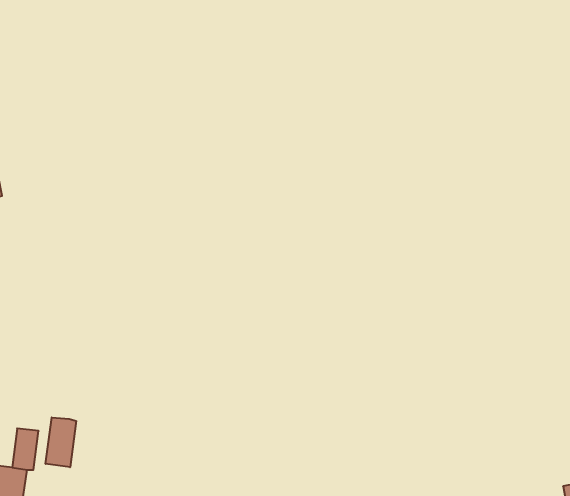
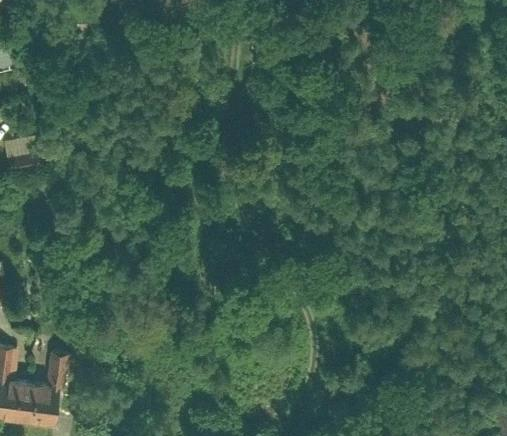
building: [46,417,76,467] -> none

